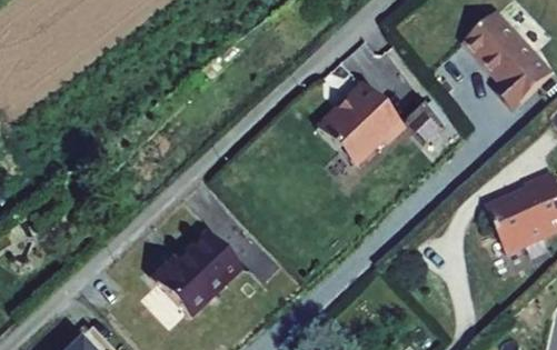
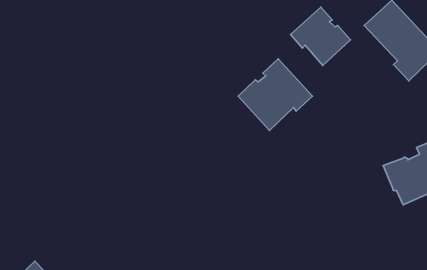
building: none -> [290,7,351,65]
building: [149,230,240,316] -> none

